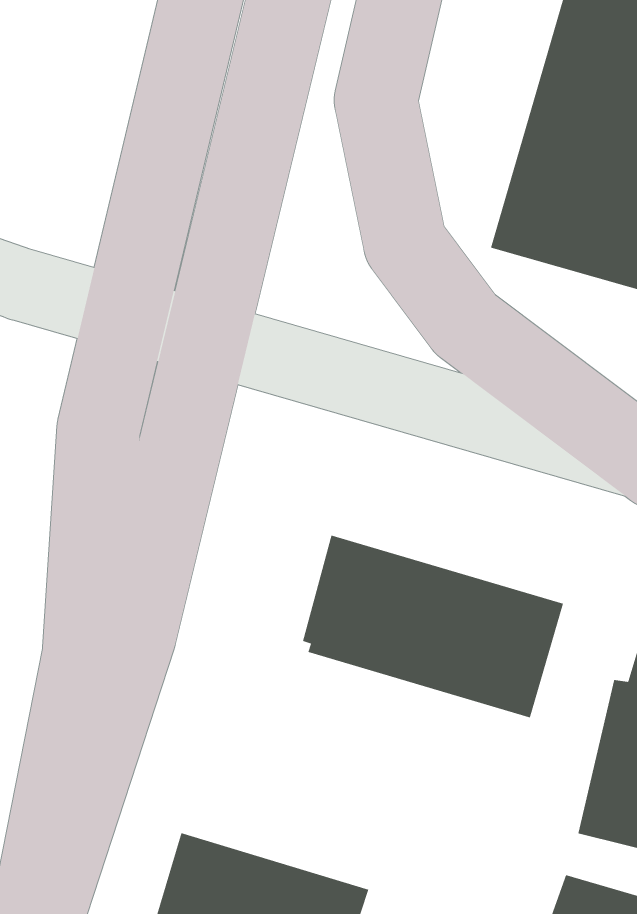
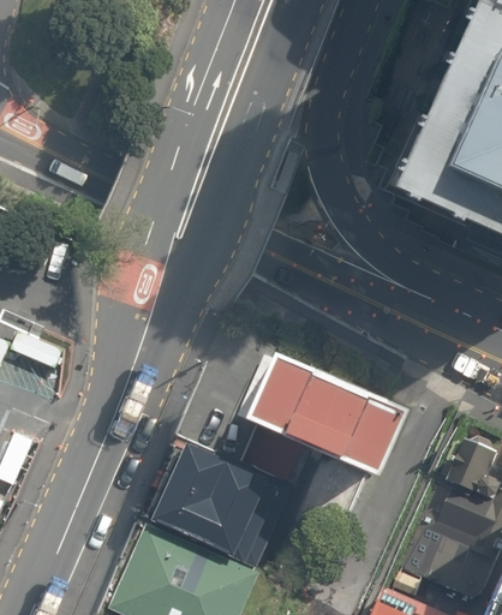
building: none -> [151,449,294,573]

